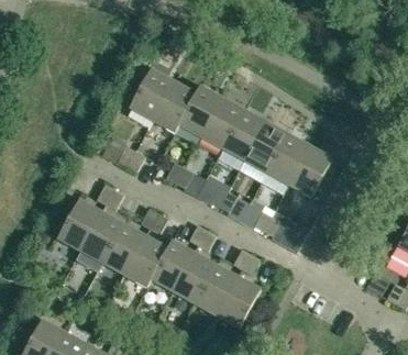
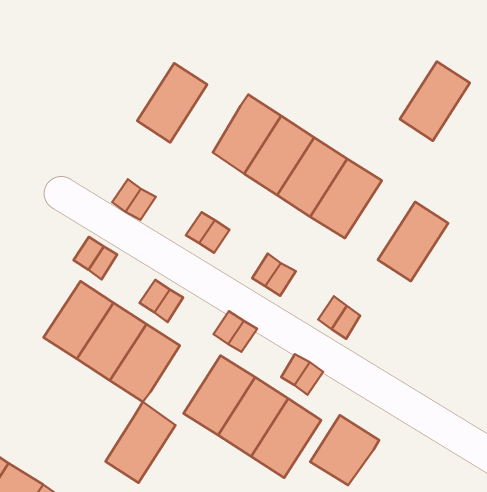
building: [152,81,195,132] -> none
building: [267,134,310,185] -> [400,61,470,141]
building: [58,200,101,249] -> none
building: [151,240,194,291] -> [106,402,176,483]
building: none -> [310,415,379,485]

